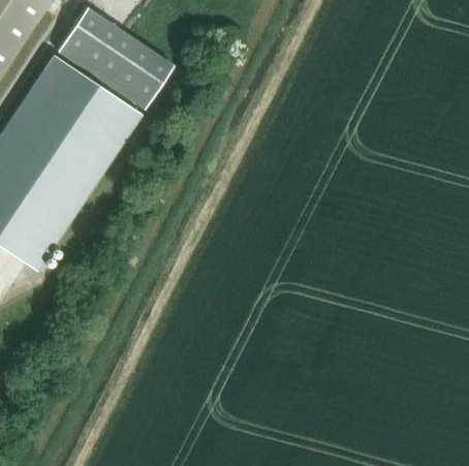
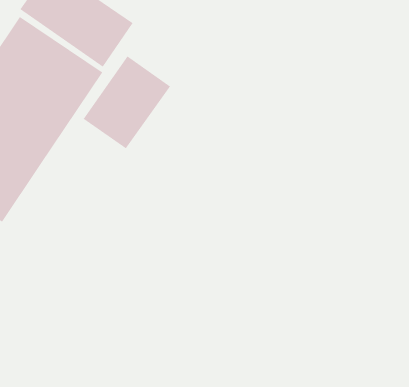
building: none -> [83,55,171,149]

